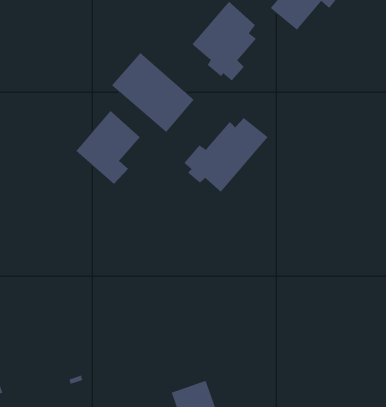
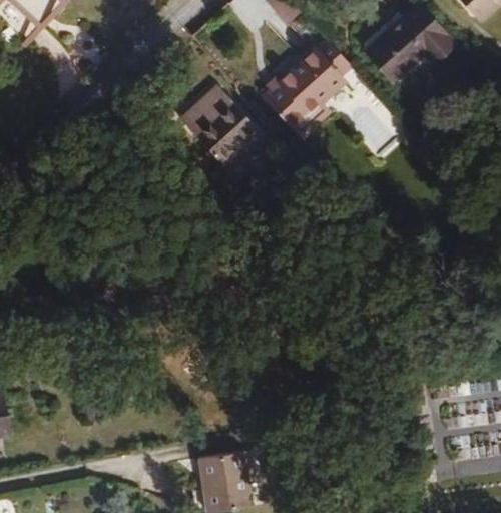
building: [76,110,141,185] -> none
building: [184,117,268,193] -> none

